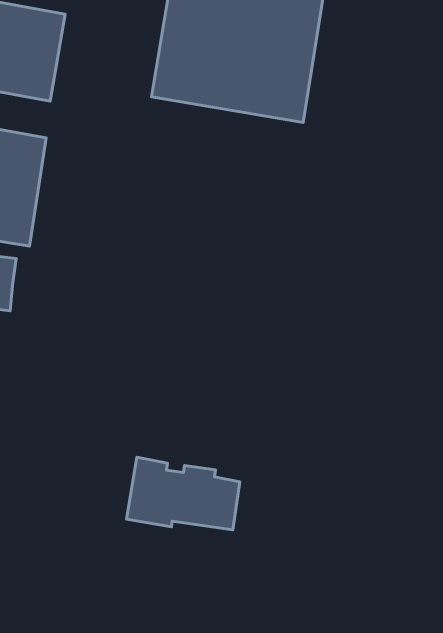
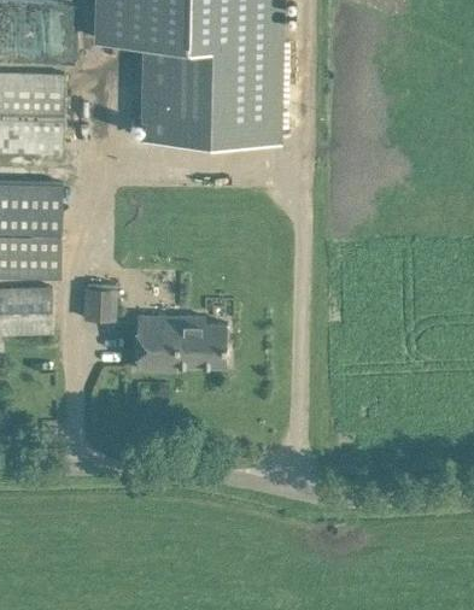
building: none -> [82,288,116,317]
building: [127,457,240,530] -> [135,313,226,368]

